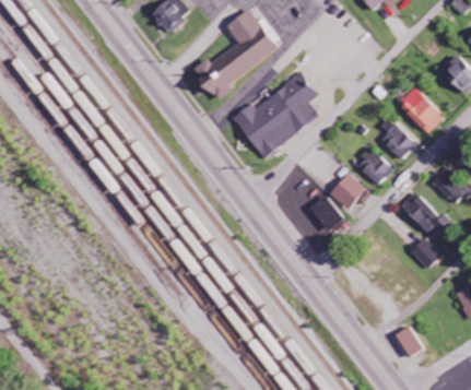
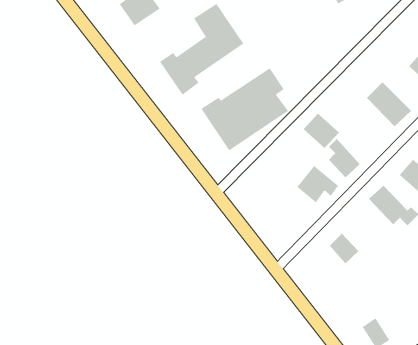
building: [381,123,419,159] -> [303,113,340,149]
building: [309,194,343,231] -> none
building: [411,237,441,269] -> [329,233,359,264]

